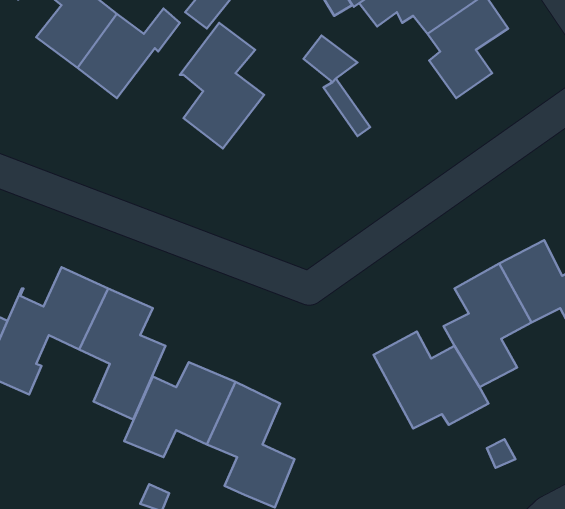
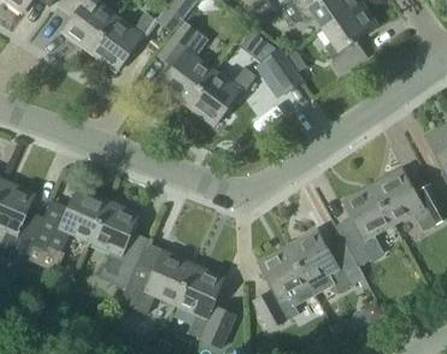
building: none -> [261,48,300,92]
building: none -> [186,66,255,125]
building: none -> [252,244,313,330]

